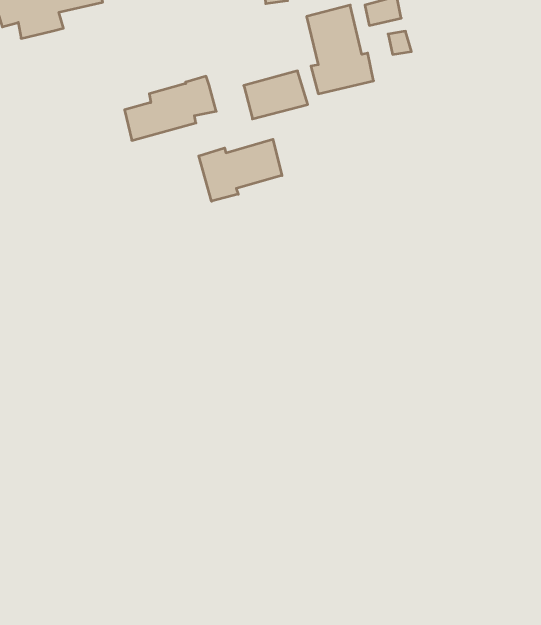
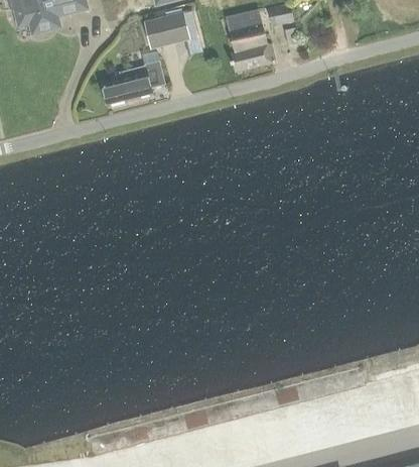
building: [244,71,308,119] -> [144,11,188,44]
building: [199,139,282,201] -> none

